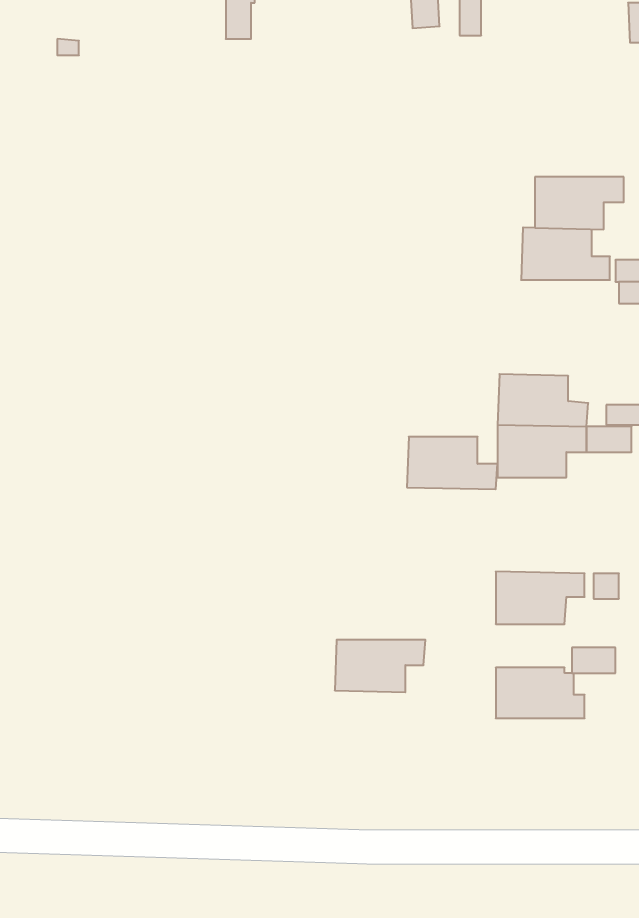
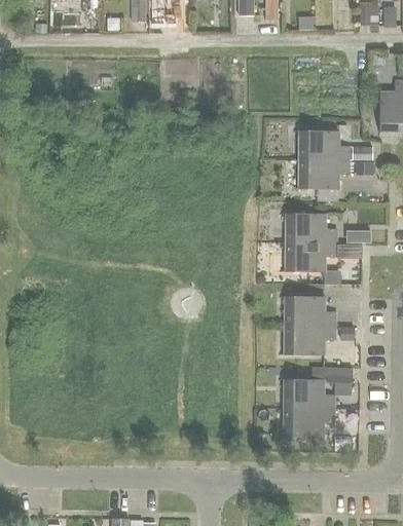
building: [535,177,624,229] -> [298,159,349,189]
building: [407,437,498,489] -> [284,296,335,326]
building: [335,640,425,692] -> [283,408,334,438]

